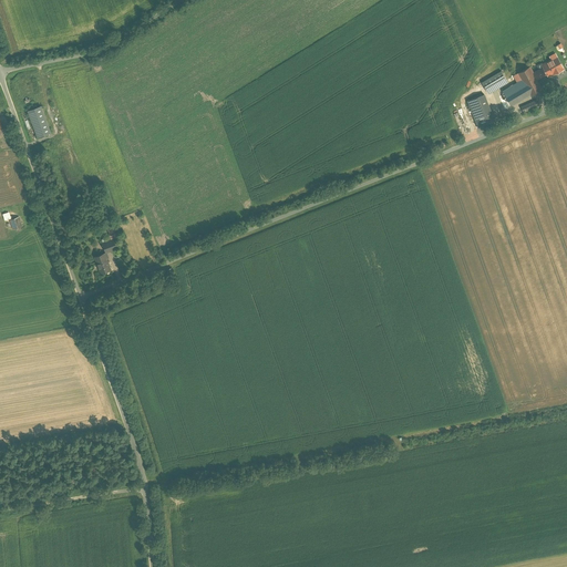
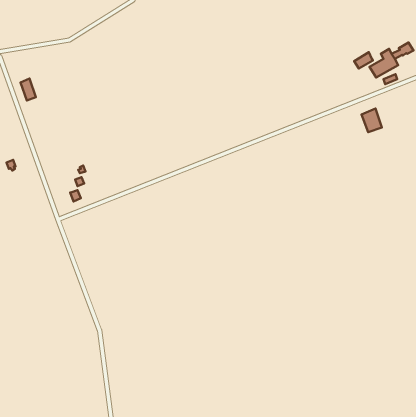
building: [467,95,495,127] -> [361,109,382,132]

